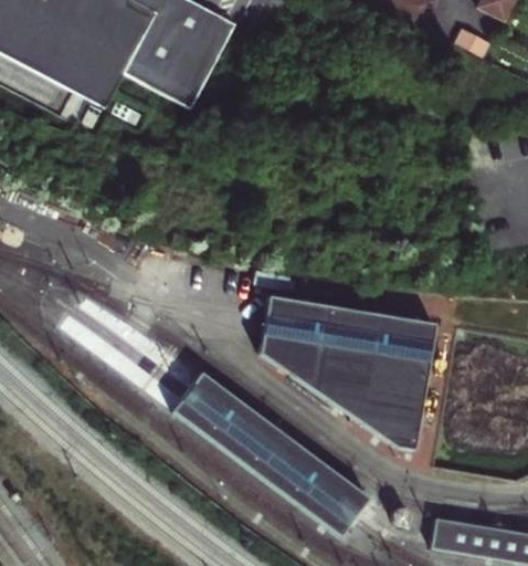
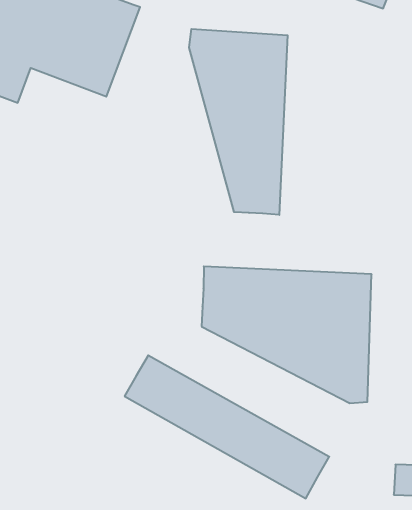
building: none -> [189,29,288,215]

